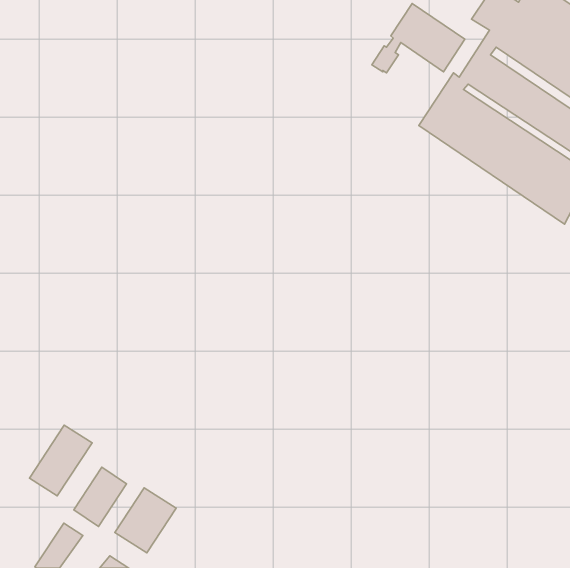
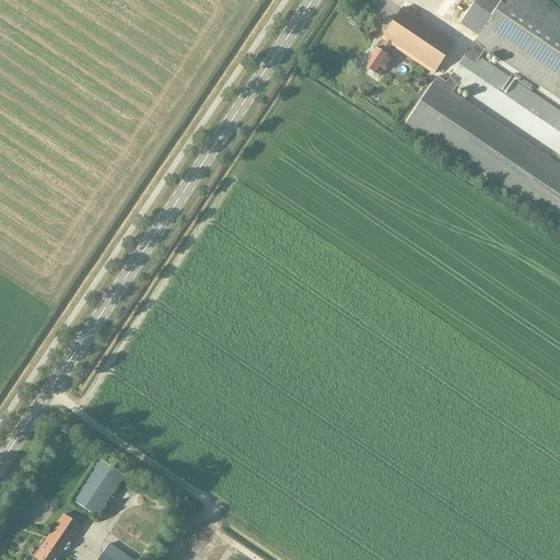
building: [29,425,92,496] -> none
building: [115,488,176,553] -> none

